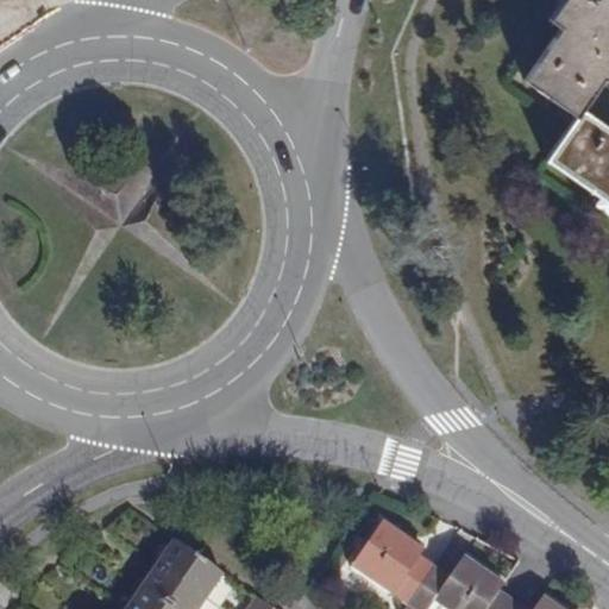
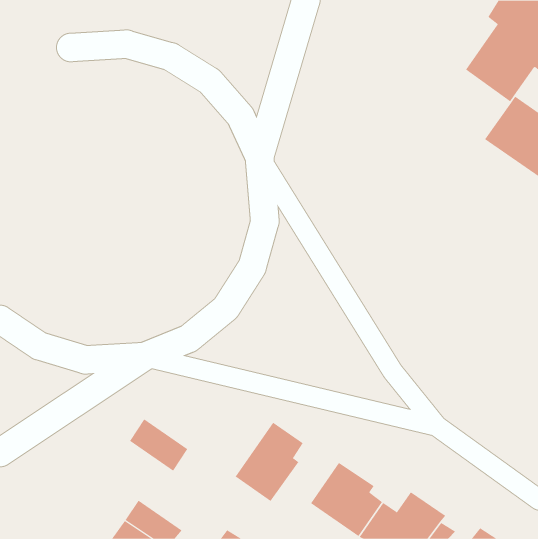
building: none -> [235,422,304,502]
building: [157,539,224,598] -> [129,419,188,471]

